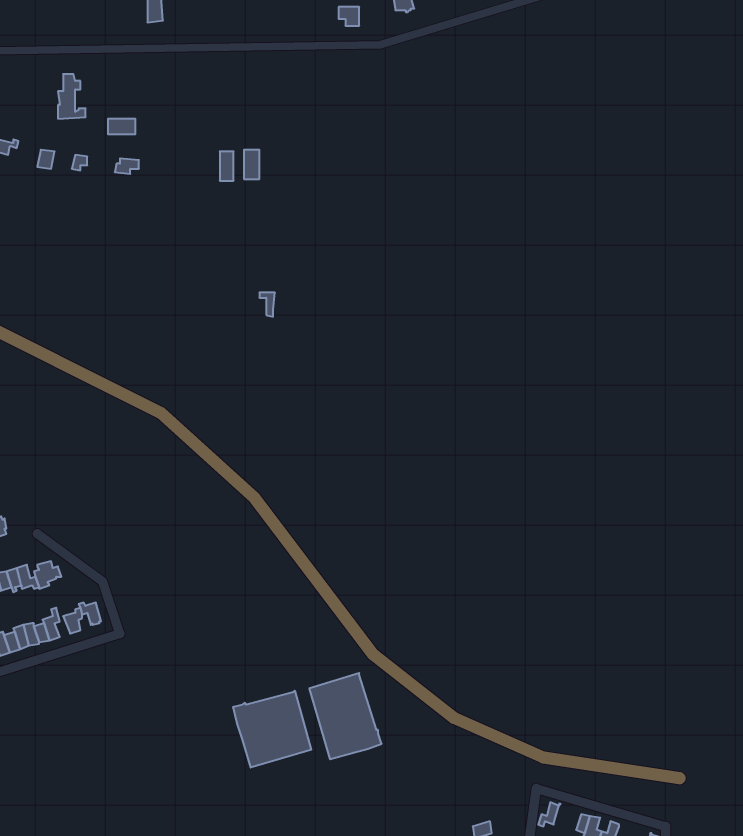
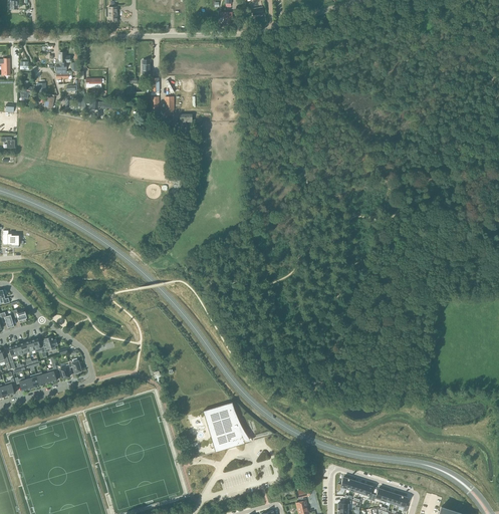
building: [233,691,311,768] -> none

